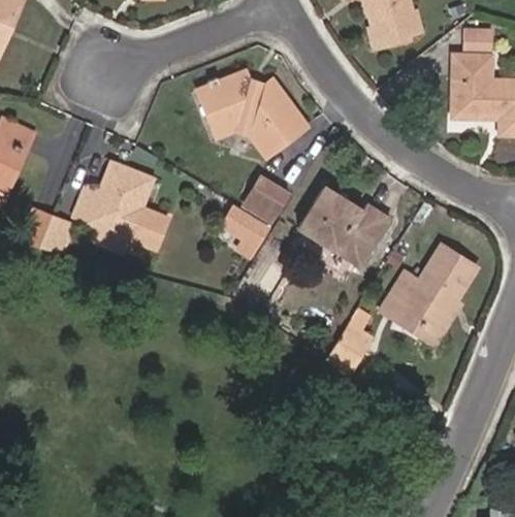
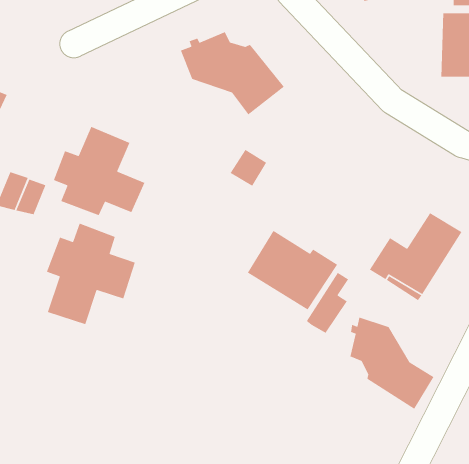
building: [299,184,389,263] -> [247,230,338,311]
building: [221,205,267,255] -> none
building: none -> [46,223,136,325]
building: none -> [350,316,434,410]

